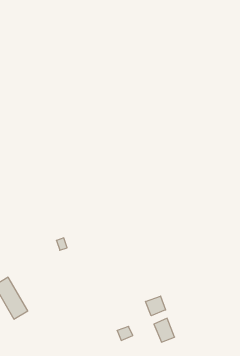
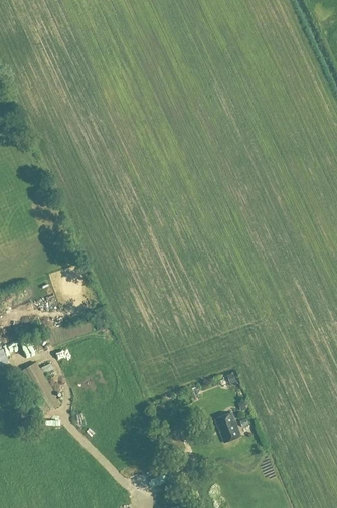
building: [146,296,166,316] -> none

